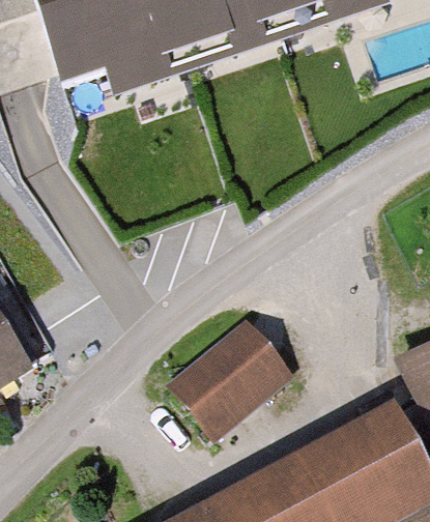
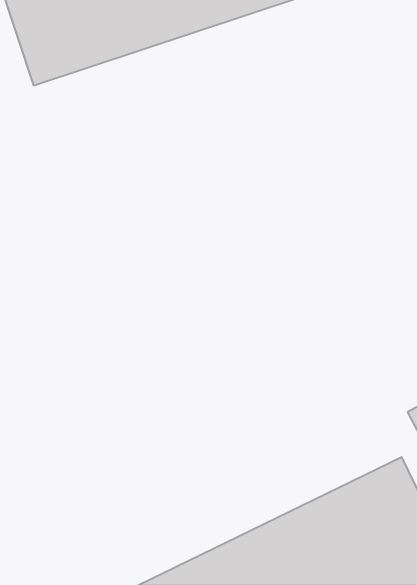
building: [173,323,291,439] -> none

